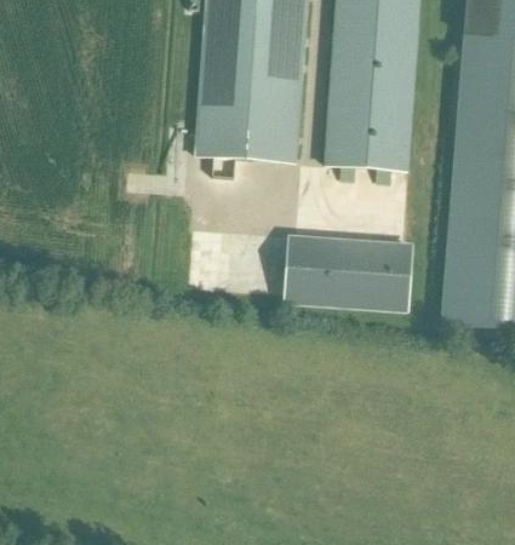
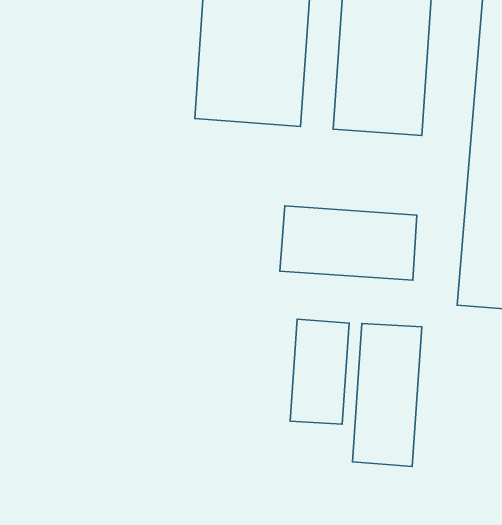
building: none -> [290,319,349,424]
building: none -> [353,324,422,466]

